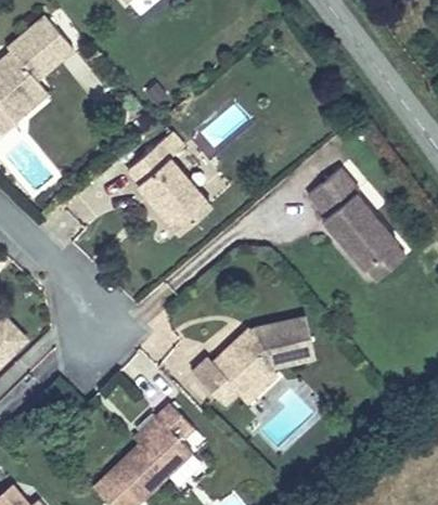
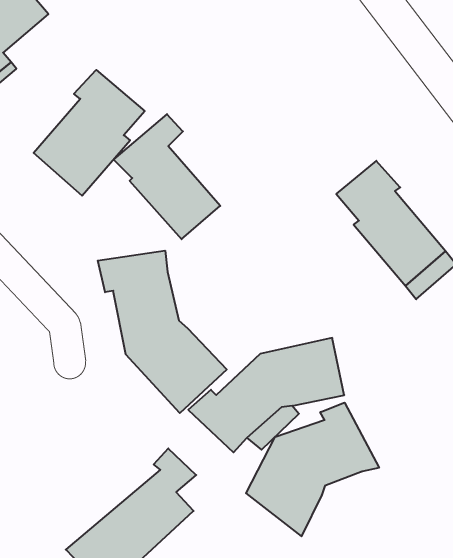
building: none -> [34,70,145,196]
building: none -> [98,251,227,413]
building: none -> [246,403,379,536]

